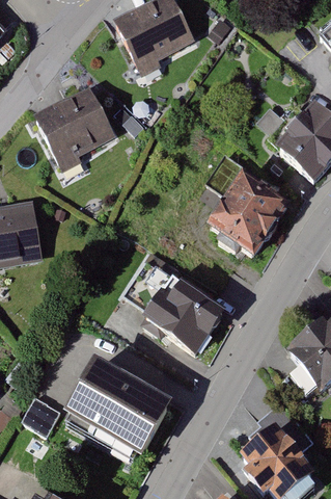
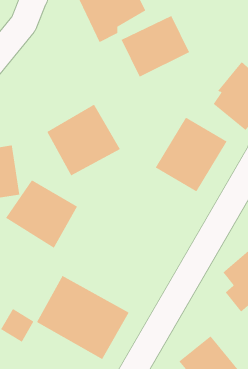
building: none -> [121,15,190,77]
building: [32,85,120,172] -> [46,104,121,176]
building: [138,277,224,359] -> [5,179,78,248]

